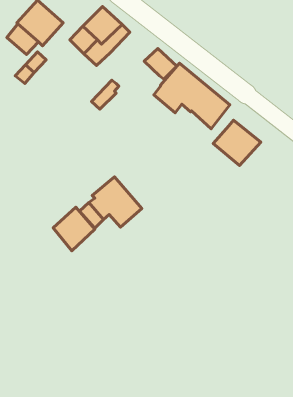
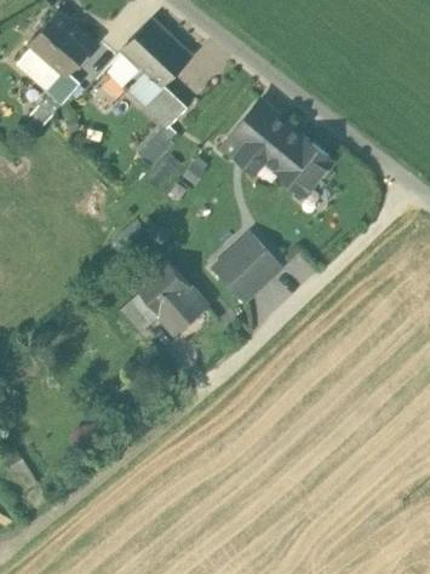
building: [144,48,177,79] -> [143,86,189,130]
building: [213,120,261,165] -> none
building: none -> [213,234,281,302]
building: [53,207,95,251] -> none

